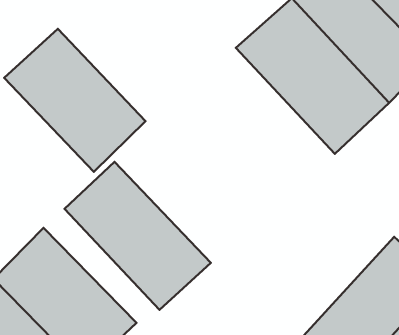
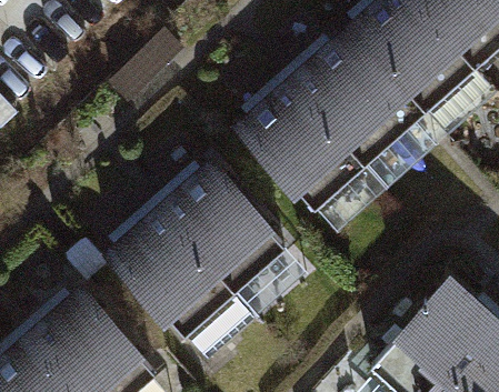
building: [4,29,146,172] -> none
building: none -> [224,70,390,240]
building: none -> [146,145,307,309]

